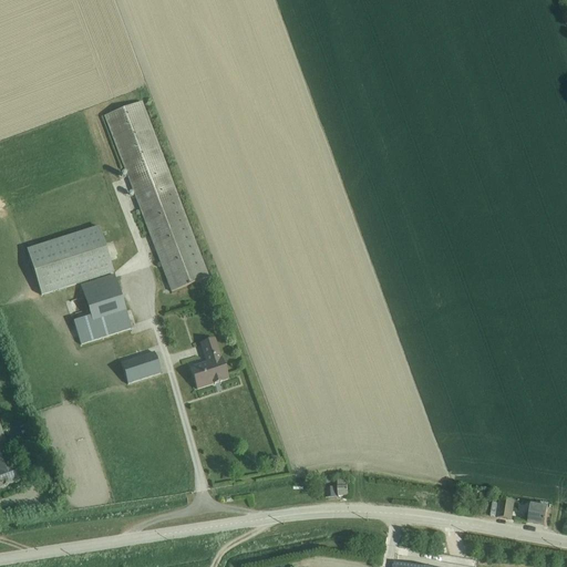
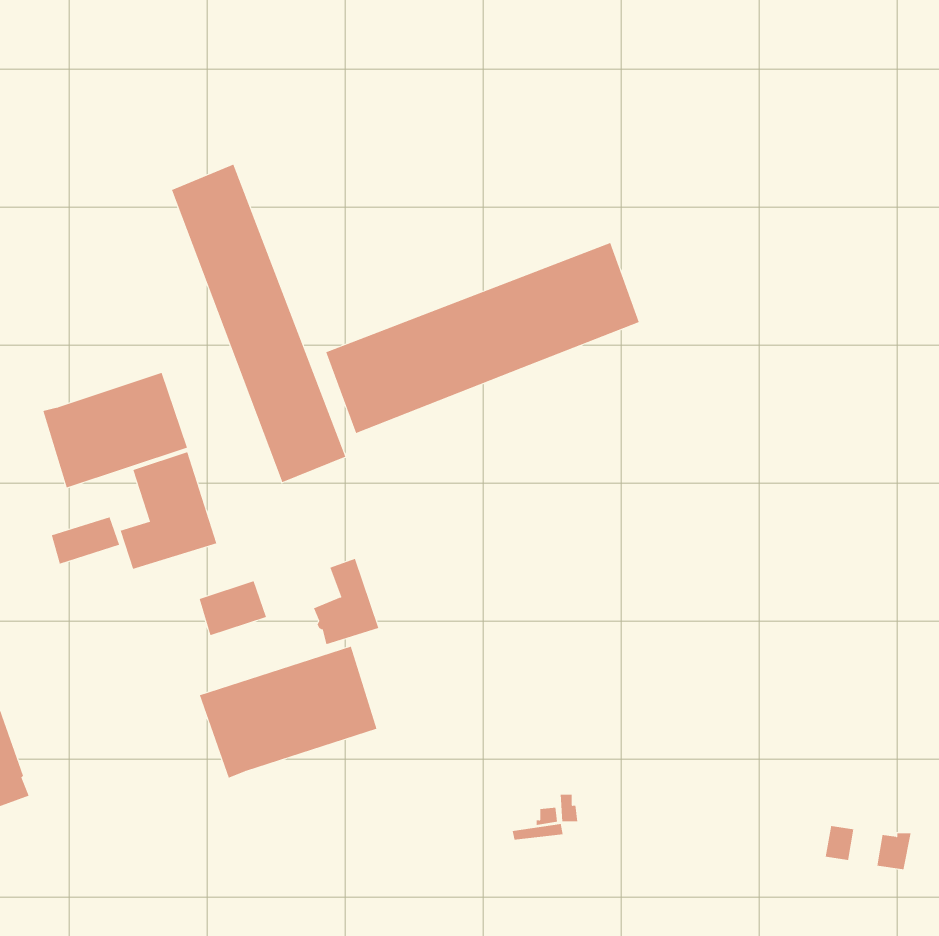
building: none -> [325,242,640,434]
building: none -> [51,517,120,564]
building: none -> [199,646,377,778]

